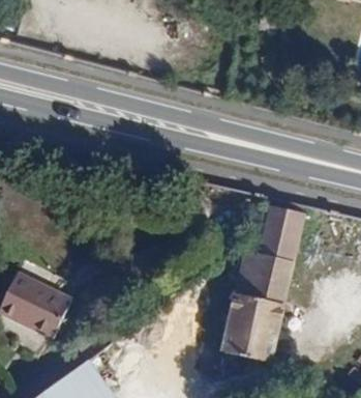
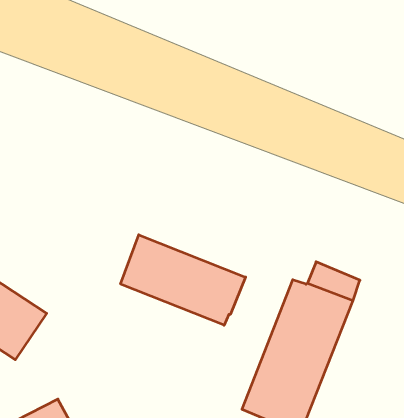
building: [264,205,305,244] -> none
building: none -> [121,235,246,325]

